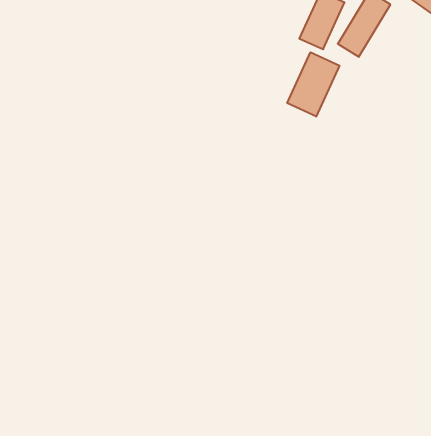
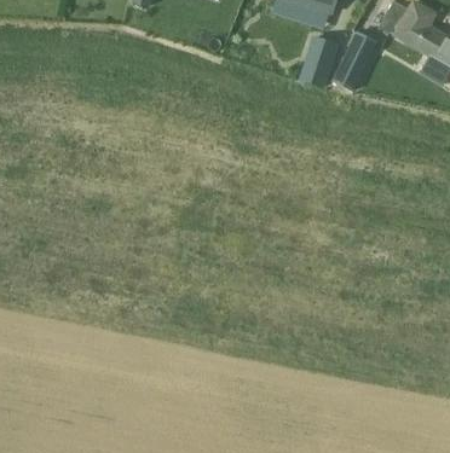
building: [287,52,339,117] -> none

